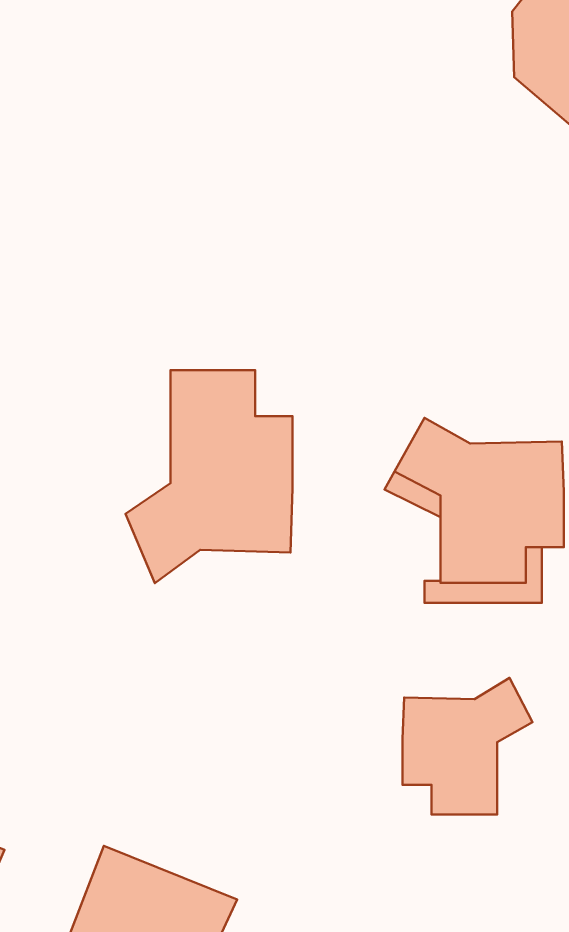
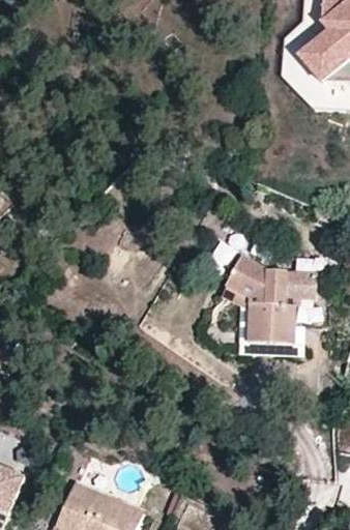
building: [125,370,293,583] -> none
building: [403,678,532,814] -> none

